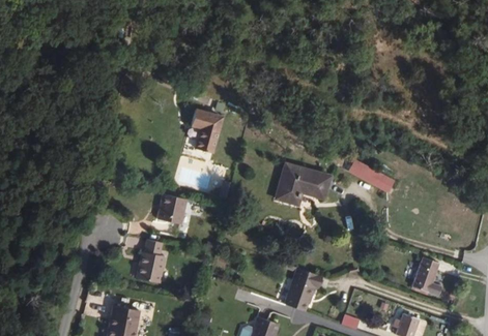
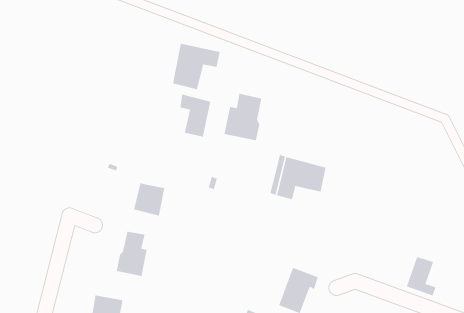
building: none -> [172,43,220,90]
building: none -> [223,93,262,141]
building: [344,159,393,192] -> none

